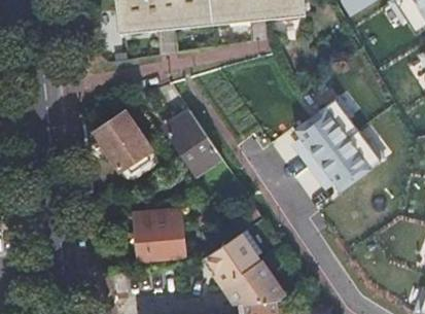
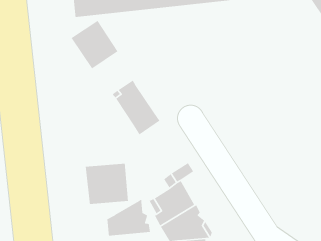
building: [294,97,382,190] -> none
building: [94,111,151,171] -> [70,20,118,70]
building: none -> [107,198,151,236]

